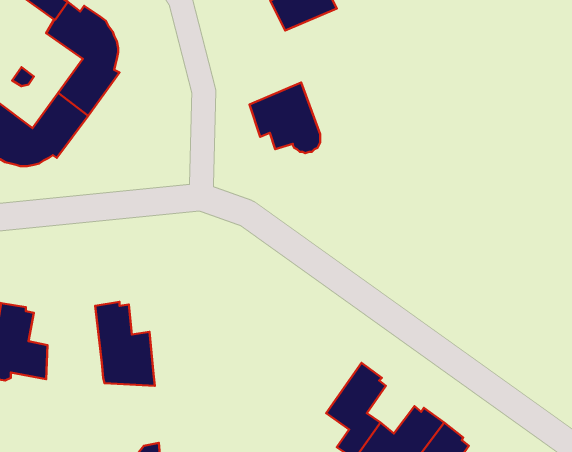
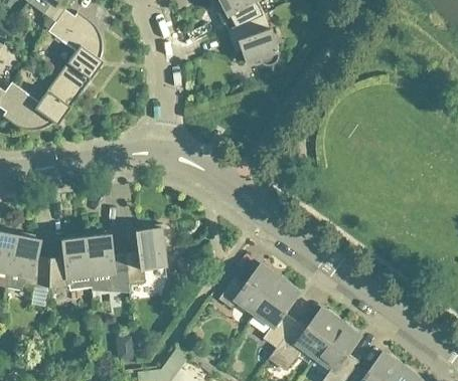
building: [249,83,320,153] -> [225,13,278,65]
building: none -> [125,223,172,283]
building: none -> [48,233,91,290]
building: none -> [218,263,282,313]

